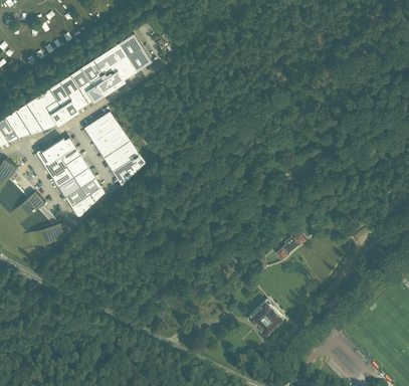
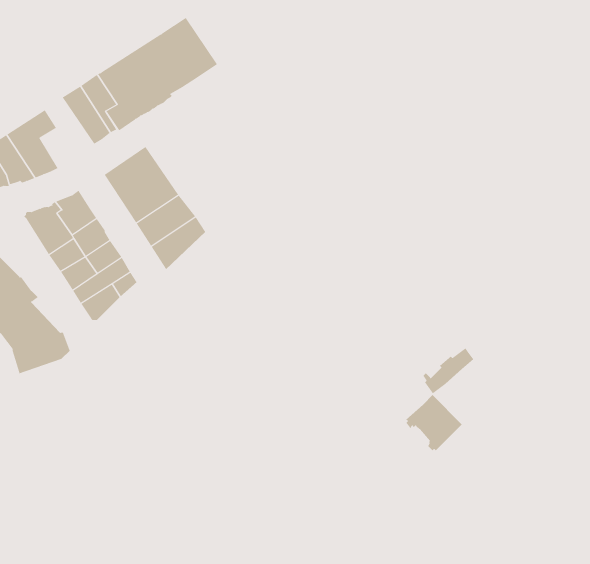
building: [46,81,79,125] -> none
building: [249,301,283,335] -> [406,394,463,451]

